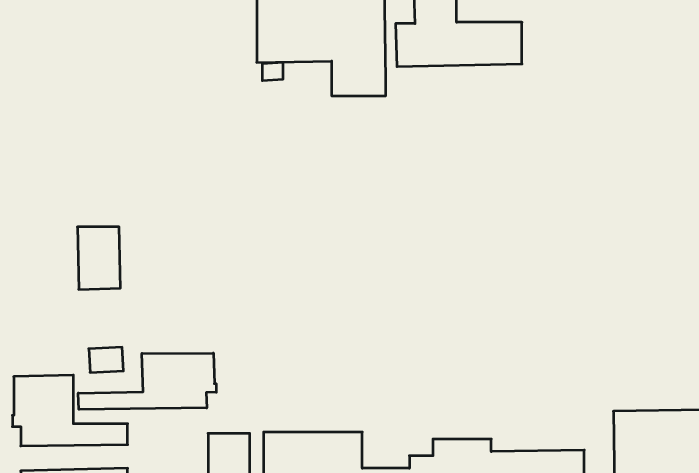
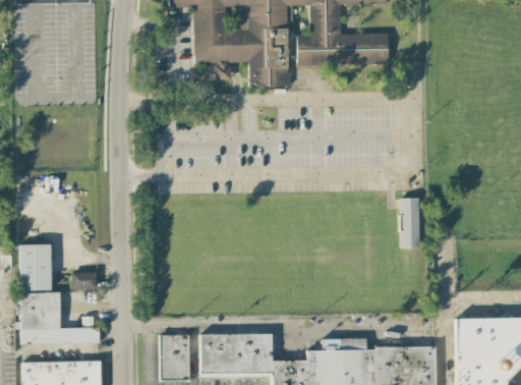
building: [77,227,120,289] -> [19,244,51,290]
building: none -> [400,199,419,249]
building: [78,353,216,409] -> none

